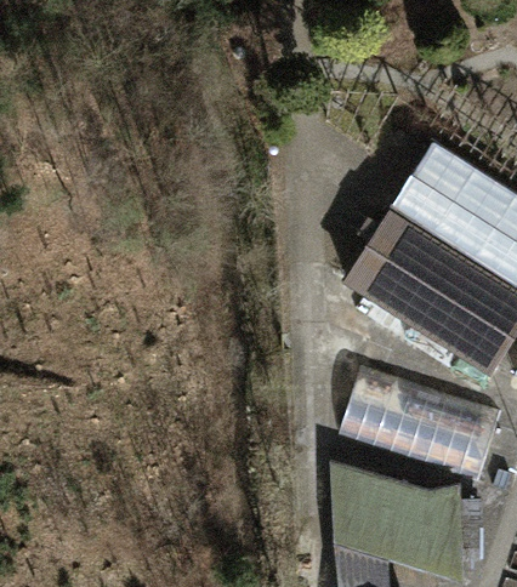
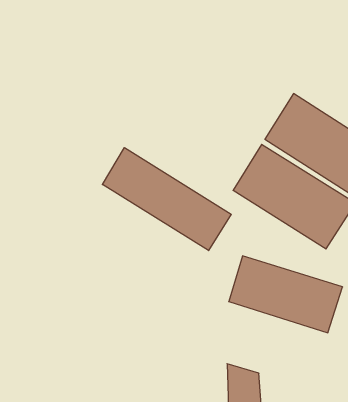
building: none -> [102,148,231,251]
building: [334,467,460,559] -> none

